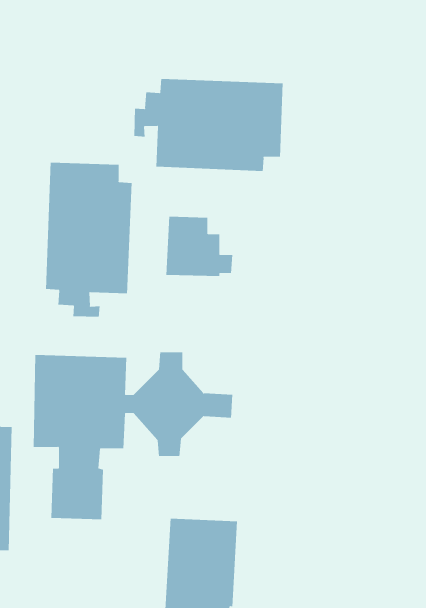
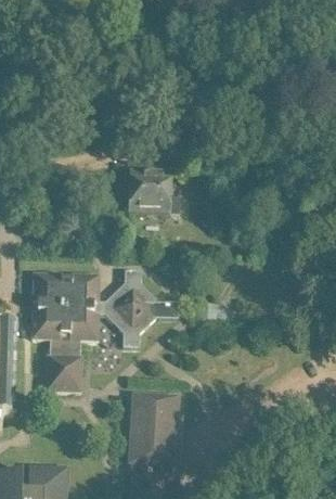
building: [134,78,283,172] -> none
building: [45,162,132,317] -> none

